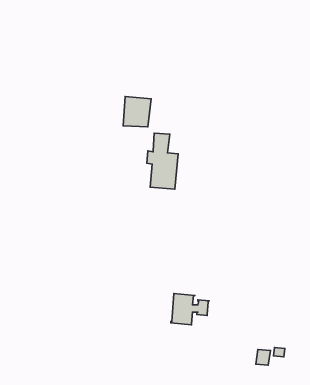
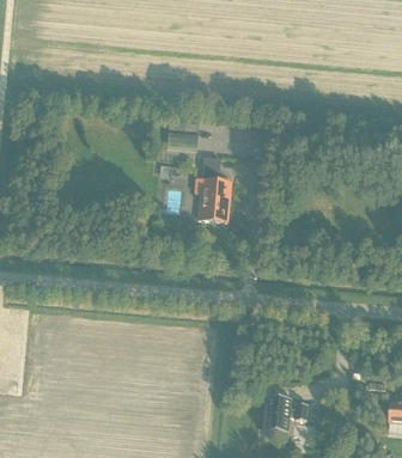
building: [171,294,209,325] -> [264,396,309,432]

